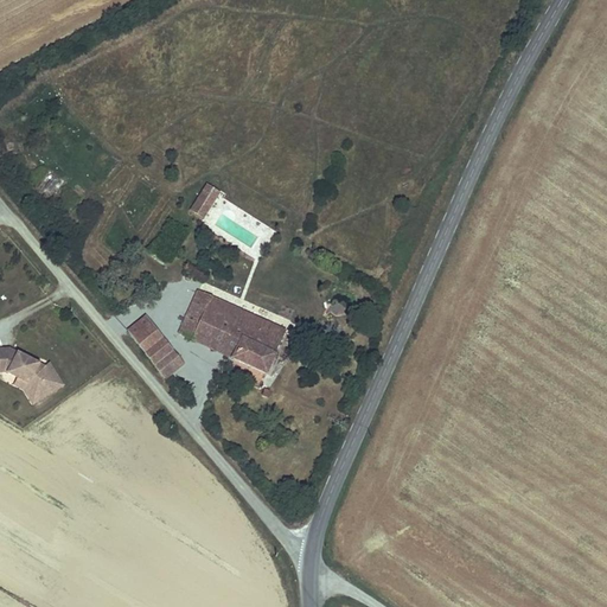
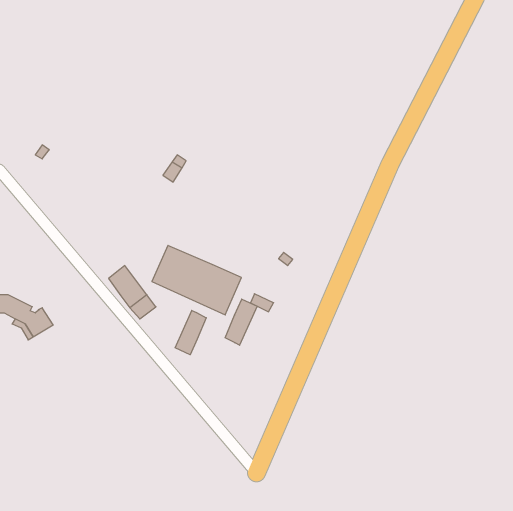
building: none -> [225,299,257,345]
building: none -> [175,310,206,355]

